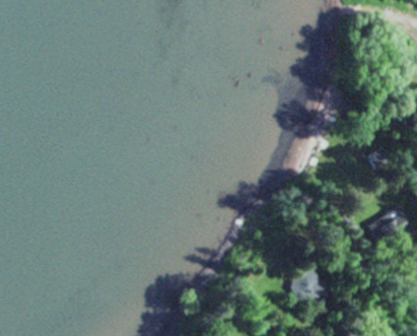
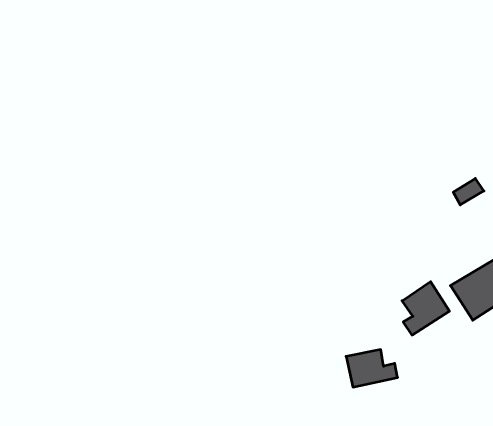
building: none -> [402,282,449,335]

